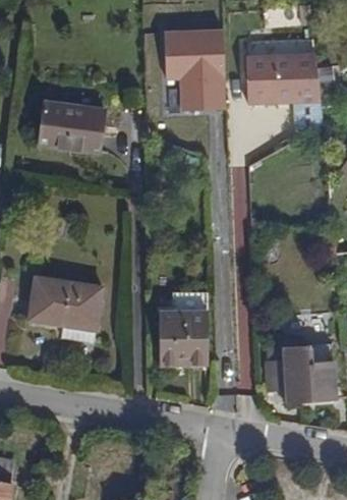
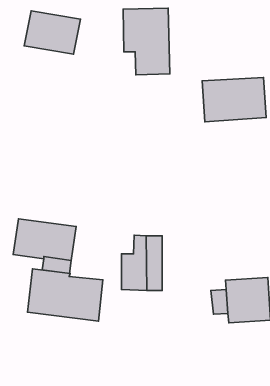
building: [244,49,321,102] -> [202,77,266,122]
building: [40,94,107,146] -> [24,11,80,54]
building: none -> [27,269,103,321]

